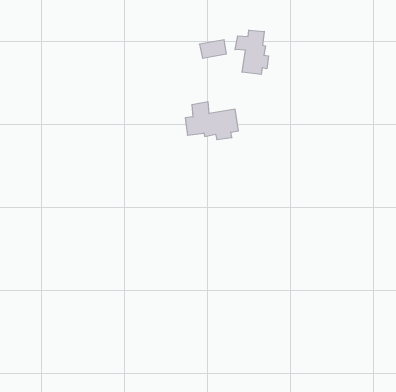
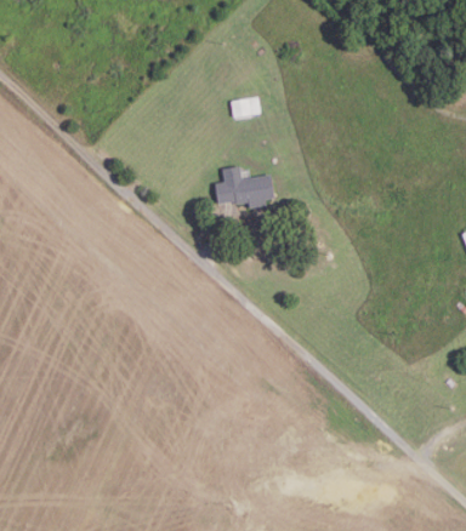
building: [235,30,268,74] -> none

